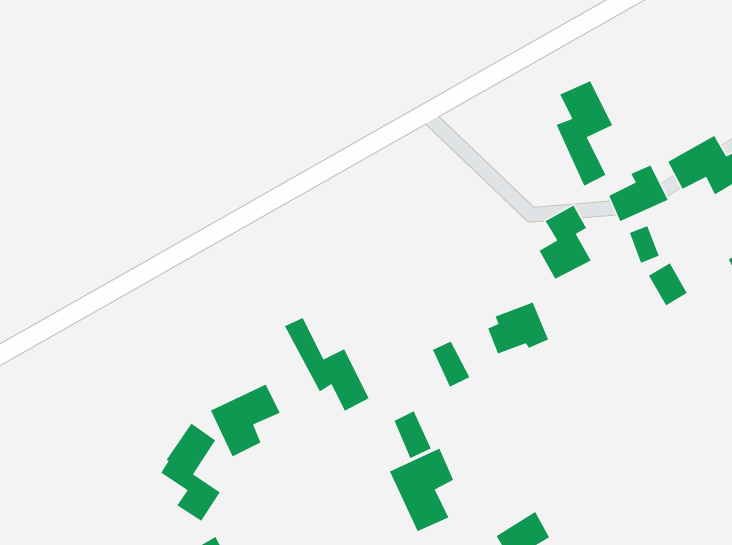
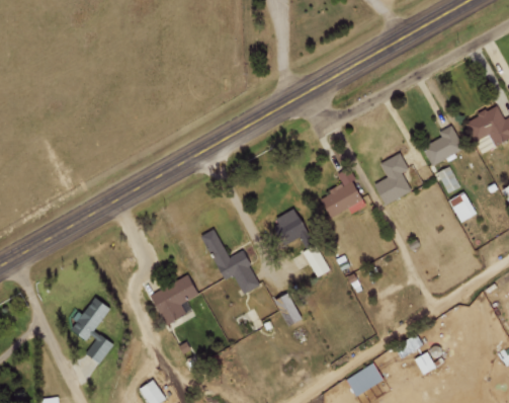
building: [556,80,613,187] -> none
building: none -> [275,208,308,242]
building: [487,301,549,355] -> [323,180,365,217]
building: [160,423,221,522] -> [72,296,113,364]
building: [389,447,454,532] -> none

